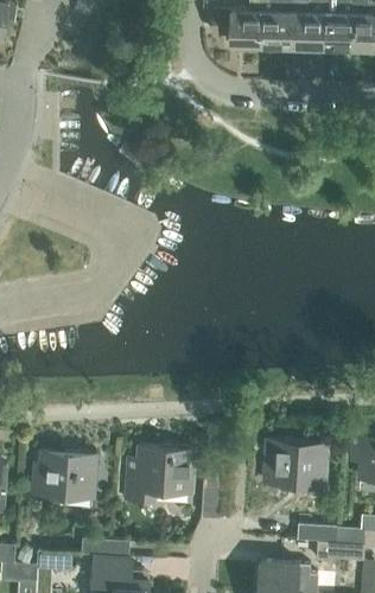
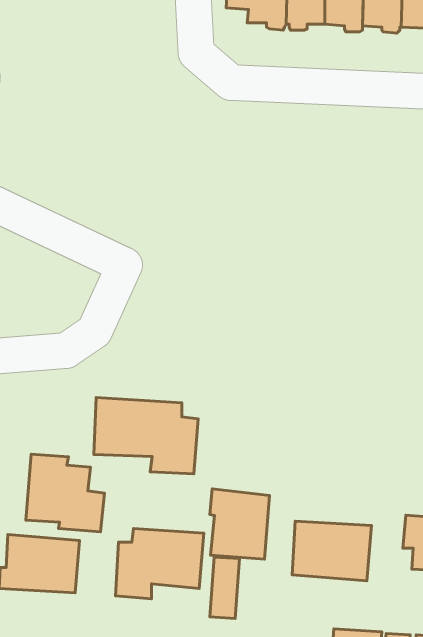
building: none -> [94,397,198,474]
building: none -> [26,454,104,532]
building: none -> [210,489,269,559]

